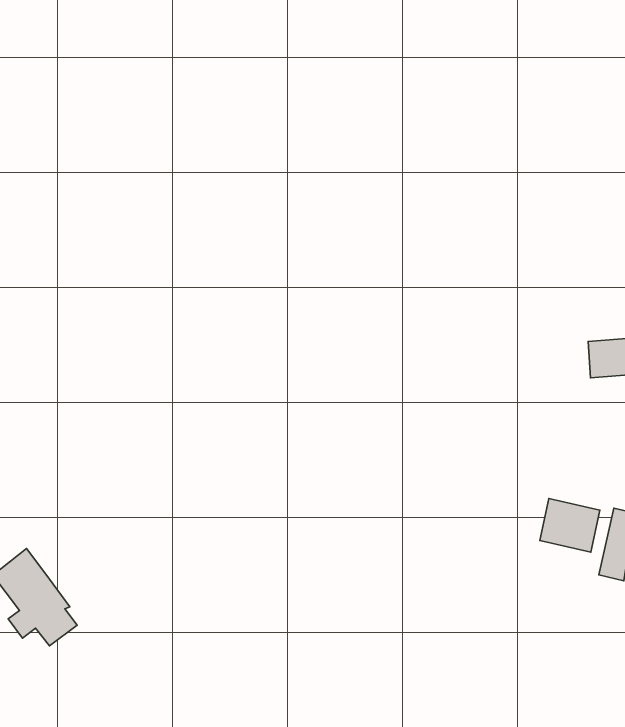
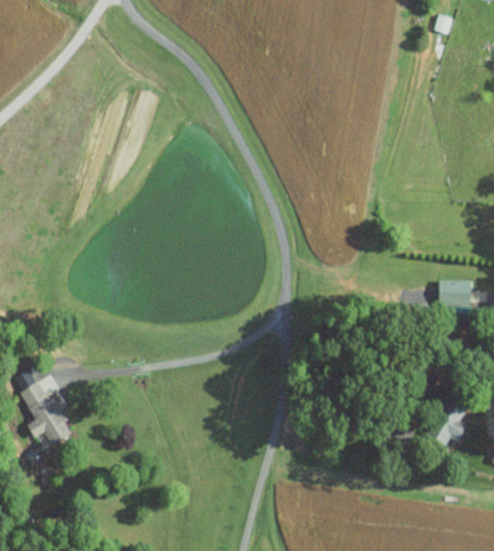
building: [540,499,600,552] -> none

